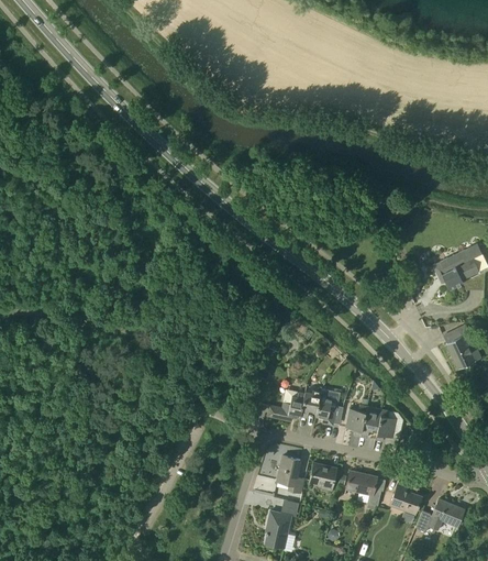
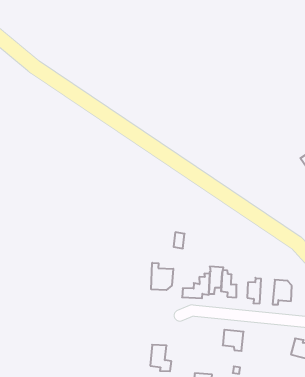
building: none -> [151,263,173,290]
building: [361,406,382,439] -> none
building: [277,455,303,491] -> [150,345,171,371]
building: [346,470,381,504] -> none

